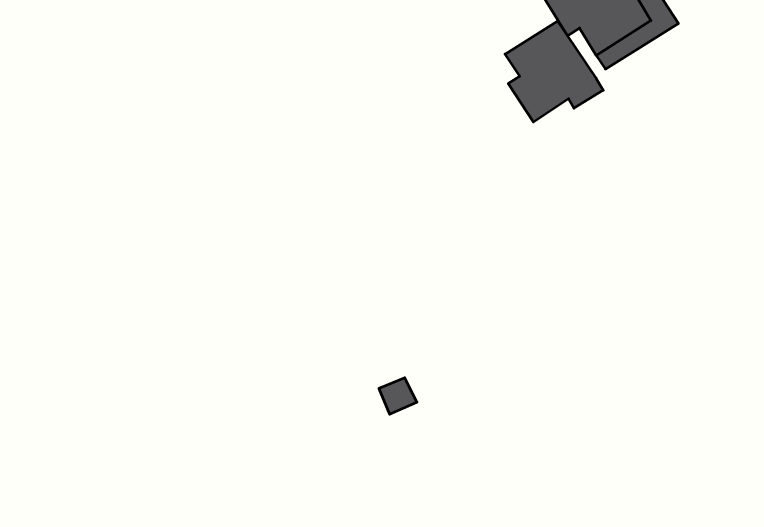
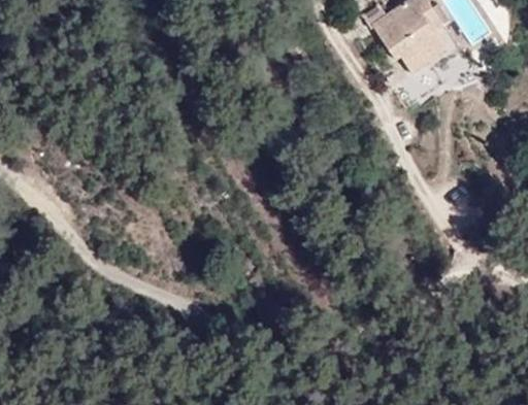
building: [505,21,603,122] -> none

